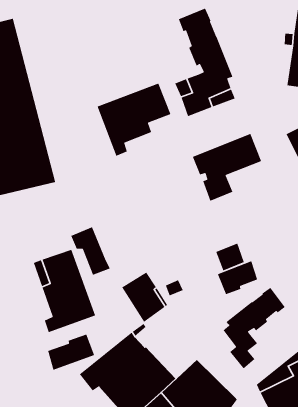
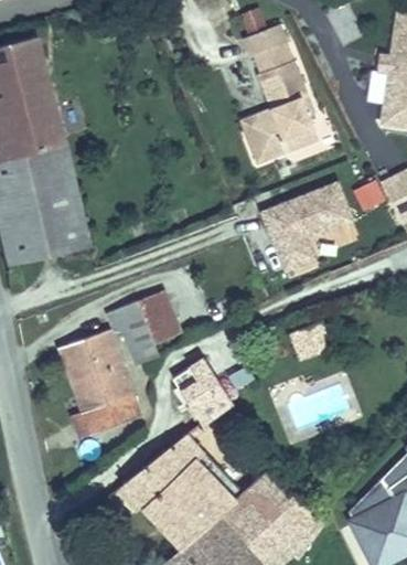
building: [97,82,171,157] -> none
building: none -> [136,290,181,344]
building: [217,260,258,295] -> none
building: [223,287,286,370] -> none
building: [47,334,95,371] -> none

